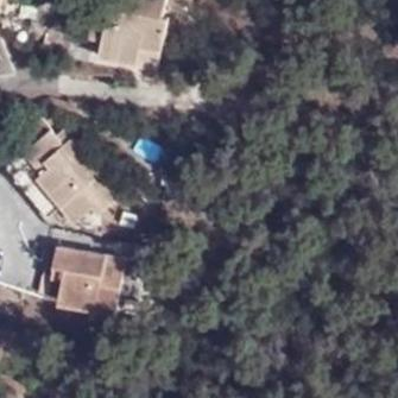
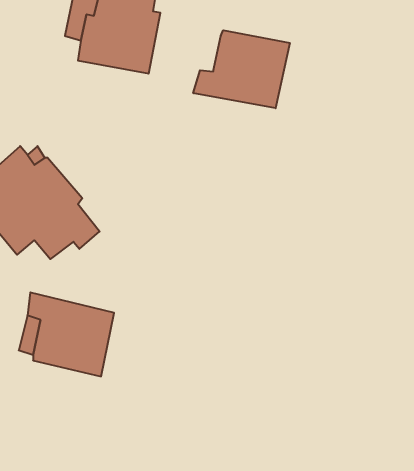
building: none -> [193,30,290,108]

